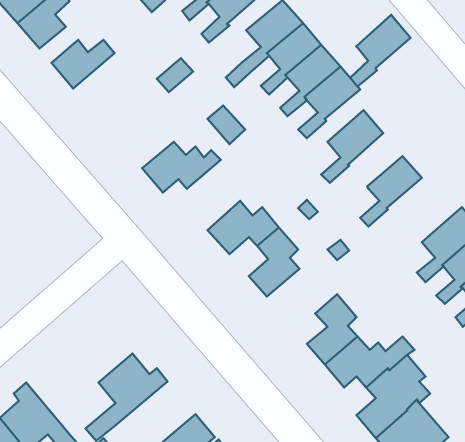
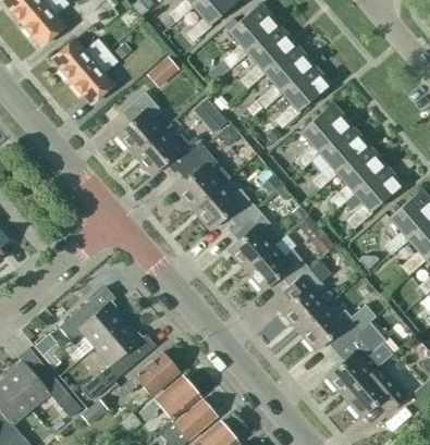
building: [350,15,411,86] -> [314,123,368,187]
building: none -> [72,51,119,106]
building: none -> [118,94,162,154]
building: none -> [174,147,222,210]
building: none -> [347,163,403,227]
building: none -> [246,245,309,292]
building: none -> [59,287,125,347]
building: none -> [121,353,180,395]

